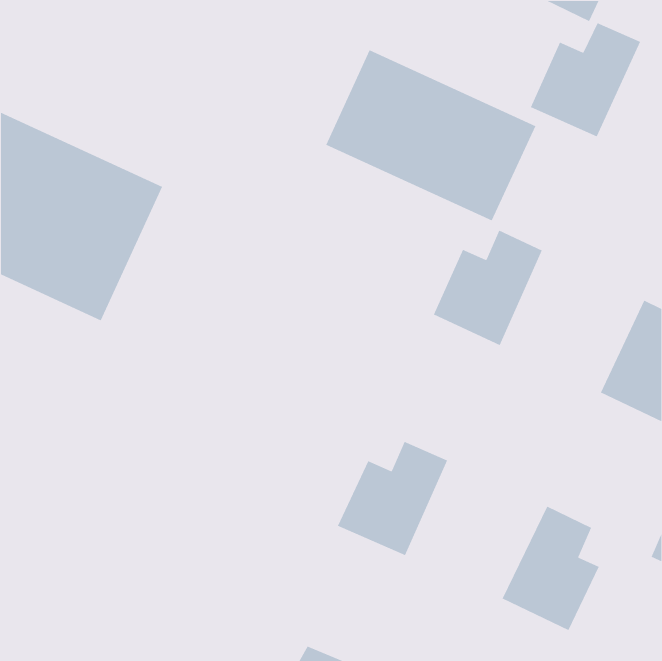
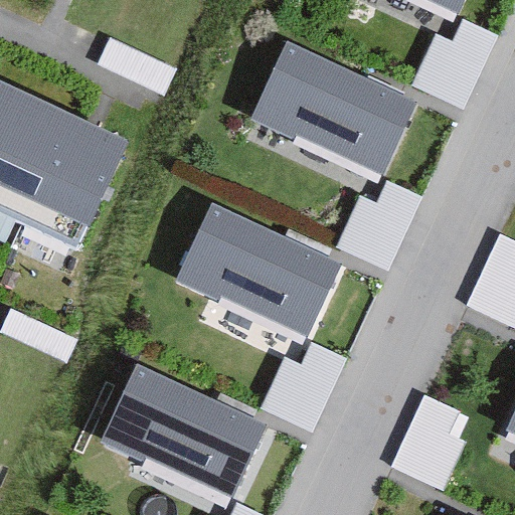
building: none -> [178,208,341,336]
building: none -> [105,364,268,496]

